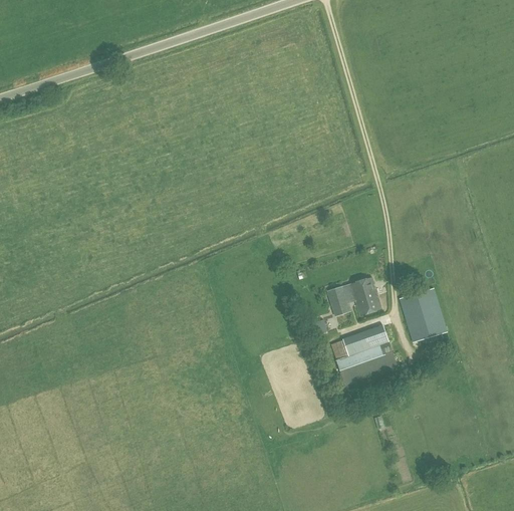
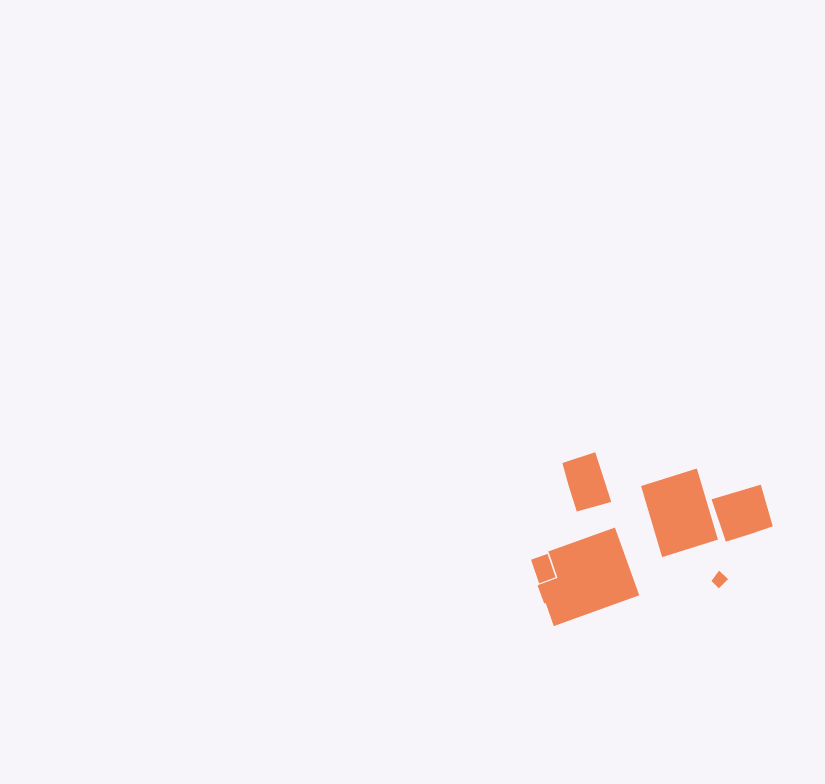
building: [323,284,353,330] -> none
building: none -> [711,484,774,542]

